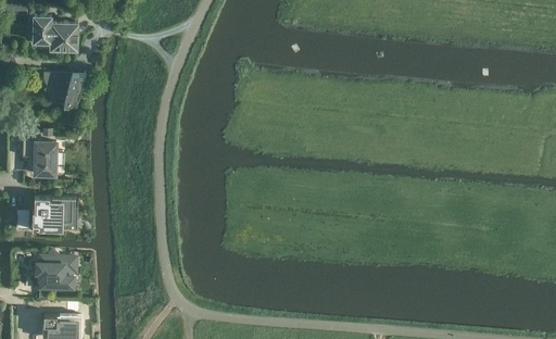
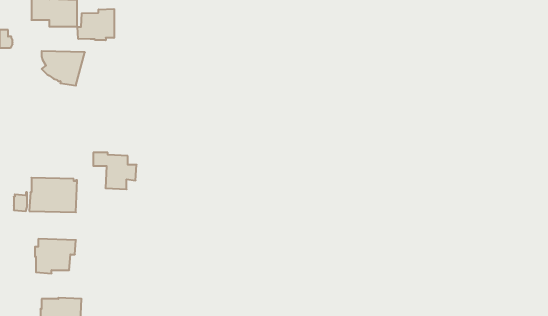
building: none -> [78,9,114,40]
building: [23,140,65,176] -> [93,153,137,189]

